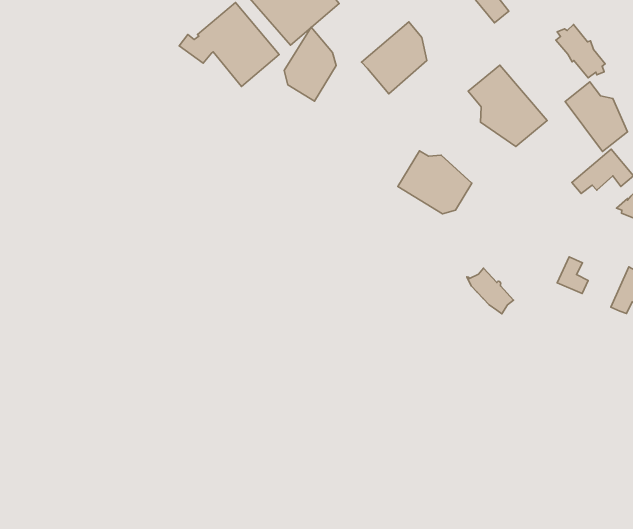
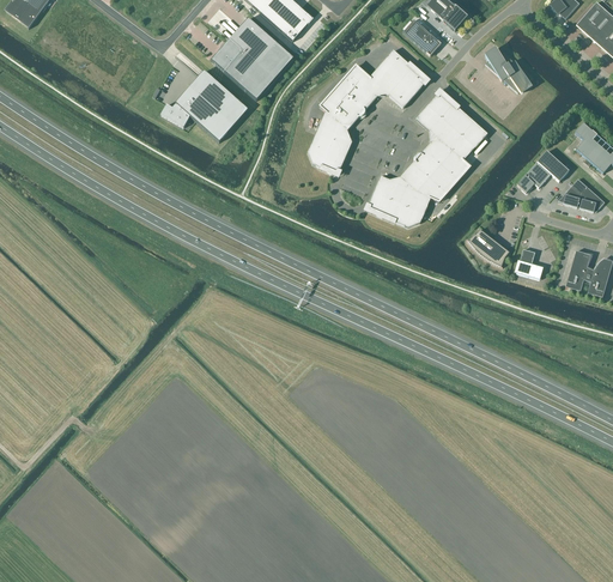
building: none -> [369,49,426,107]
building: [284,27,336,101] -> [308,110,352,174]
building: [565,82,627,151] -> none
building: none -> [400,143,469,200]
building: [467,268,514,314] -> [466,228,509,265]

